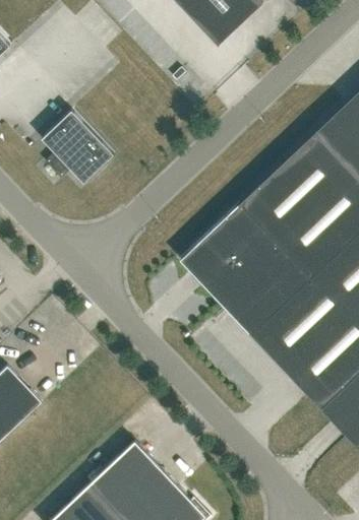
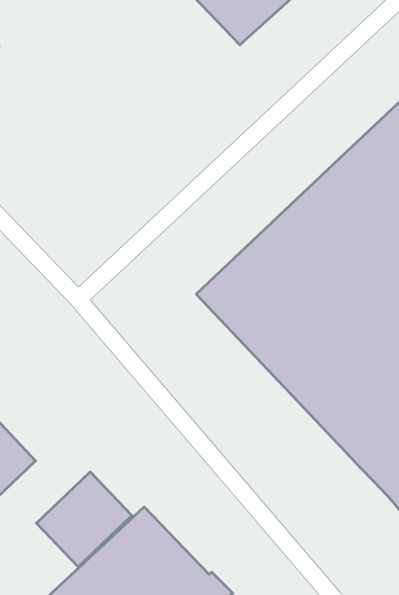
building: [42,111,114,183] -> none
building: none -> [36,472,132,567]

